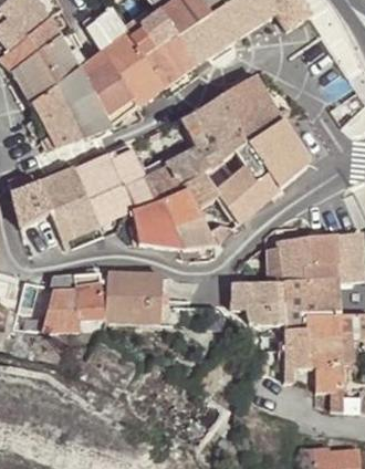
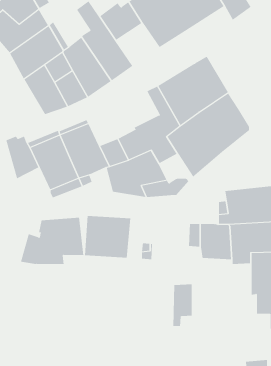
building: [143,35,196,87] -> none
building: [283,329,307,381] -> [173,284,192,327]

